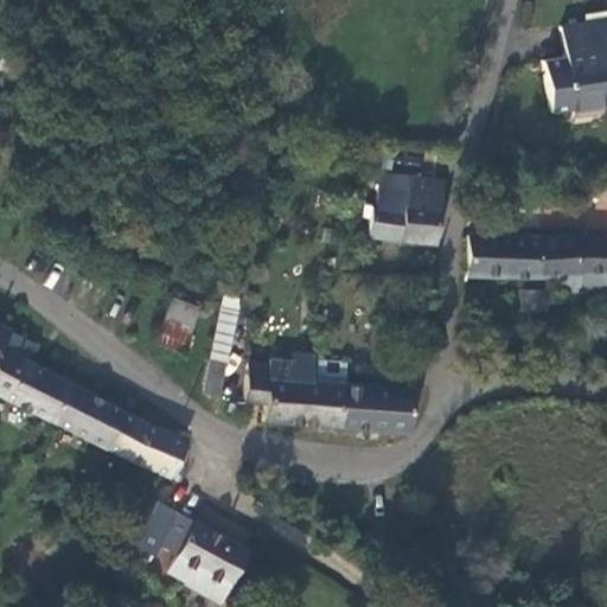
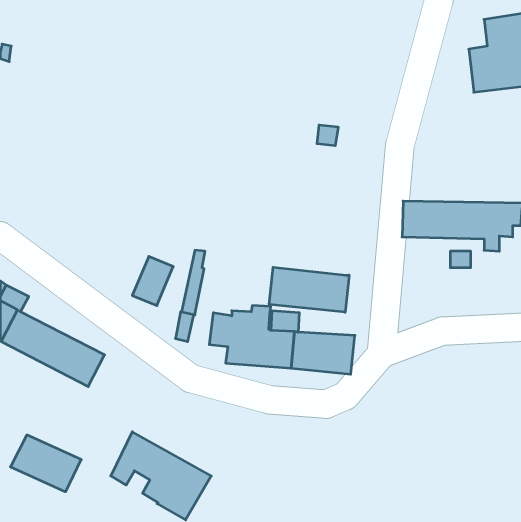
building: [370,175,445,247] -> none
building: none -> [269,267,349,312]
building: [106,413,187,478] -> [10,435,81,491]

